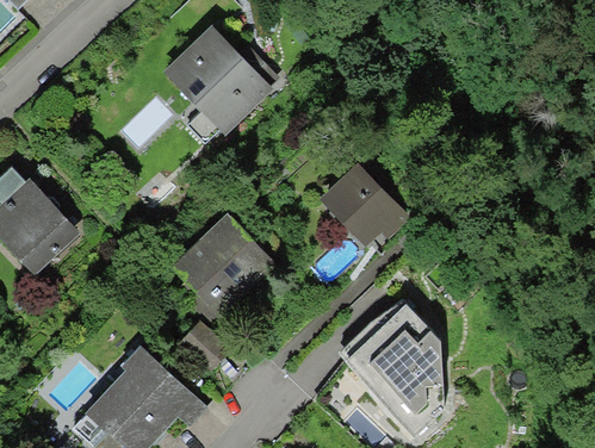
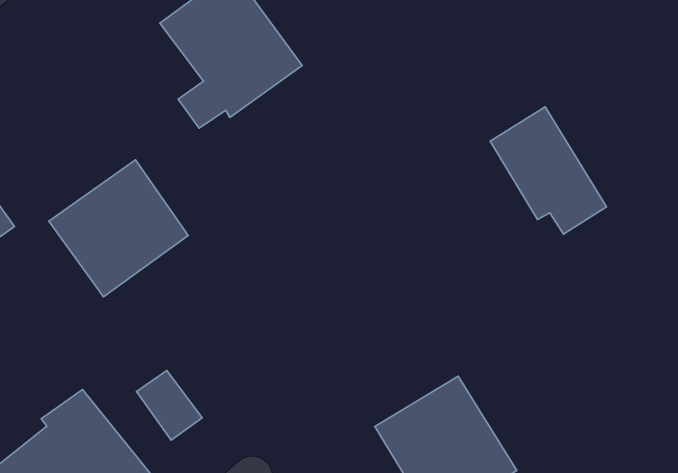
building: [320,167,410,257] -> [490,107,606,234]
building: [169,214,272,317] -> [49,160,188,297]

